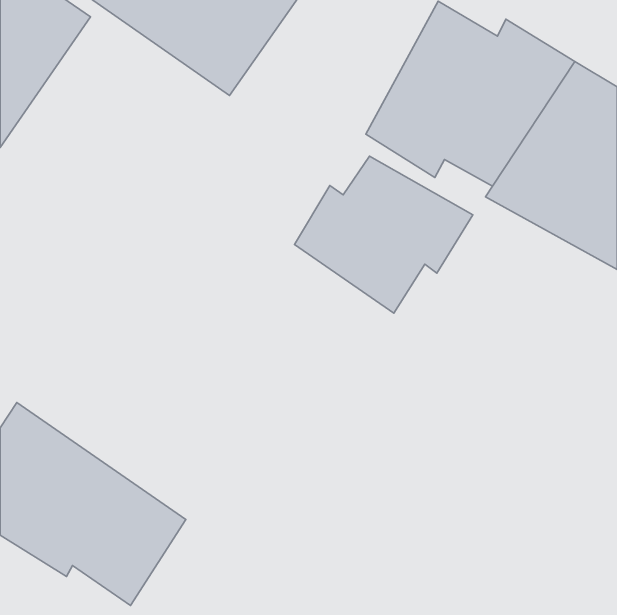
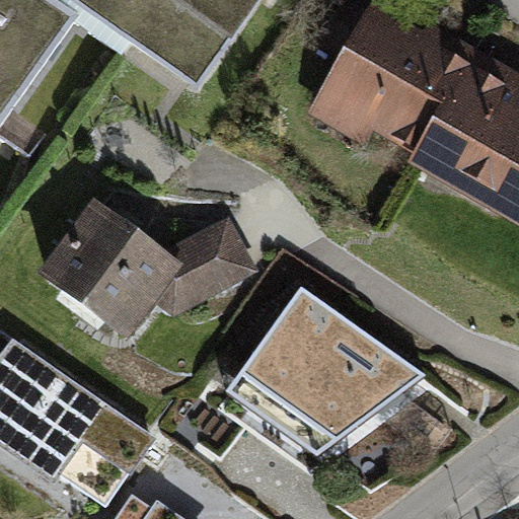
building: [295,156,473,313] -> none
building: none -> [36,198,264,338]
building: none -> [242,286,425,436]

